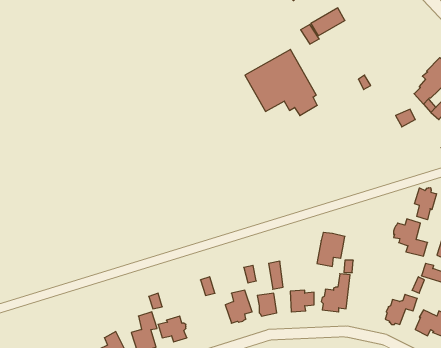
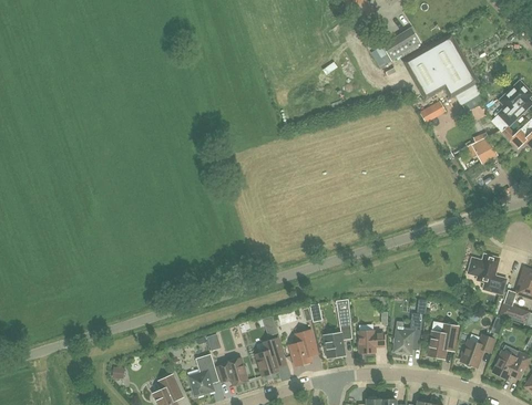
building: [245,49,317,116] -> [401,33,479,104]
building: [415,188,437,220] -> none
building: [317,232,345,266] -> [427,322,457,359]
building: none -> [255,338,285,377]

